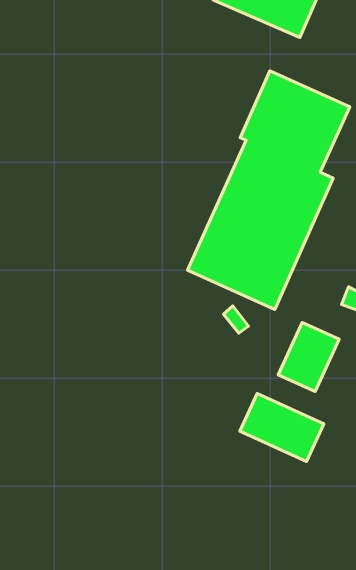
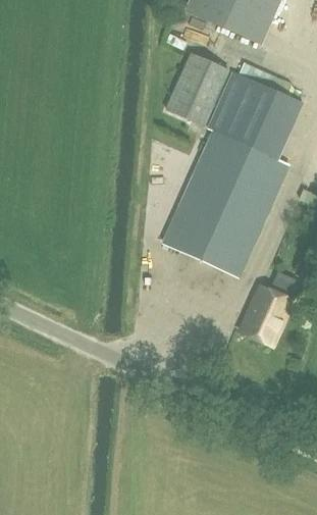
building: none -> [166,52,228,124]
building: [240,394,324,461] -> none

